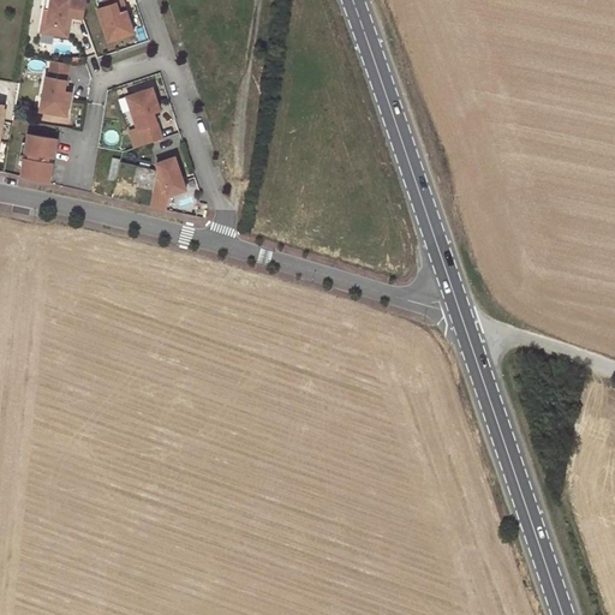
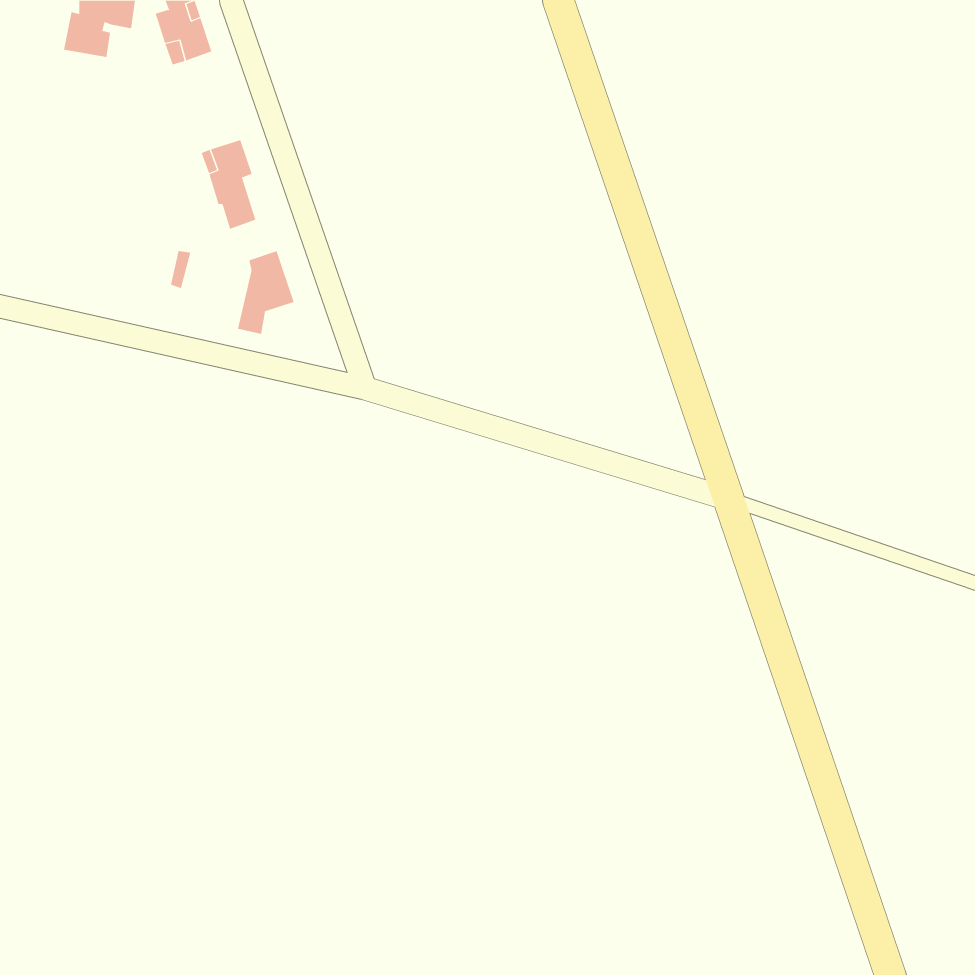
building: [41,60,68,115] -> none
building: [19,135,55,184] -> none

